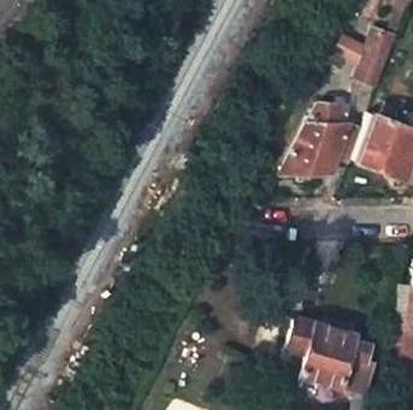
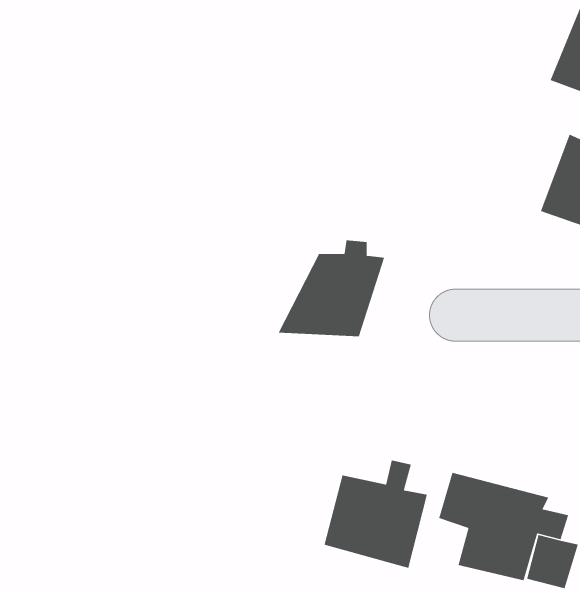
building: [283,114,349,174] -> [278,239,385,337]
building: none -> [323,459,428,569]

